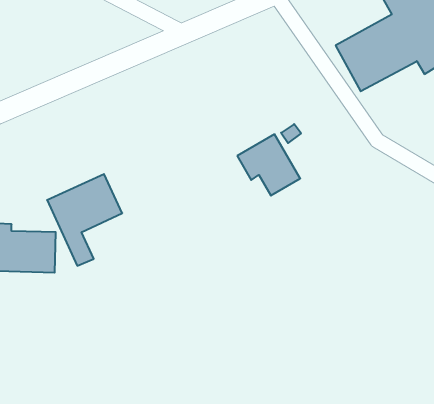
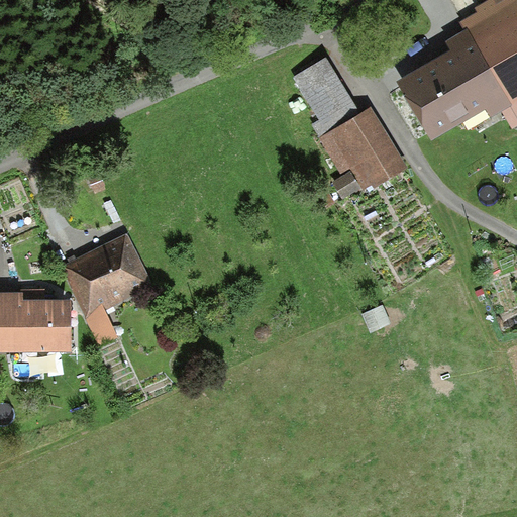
building: none -> [295,58,357,128]
building: [237,134,300,196] -> [324,112,398,184]

